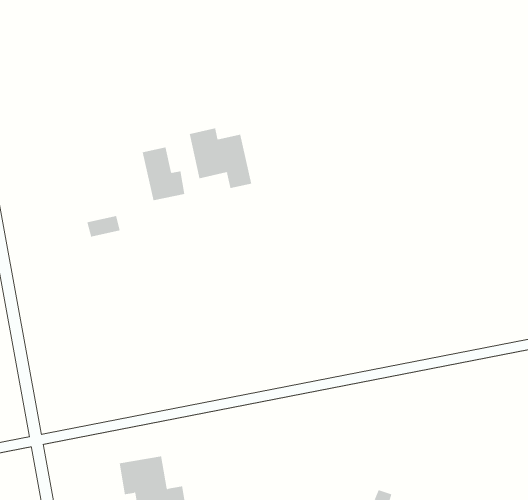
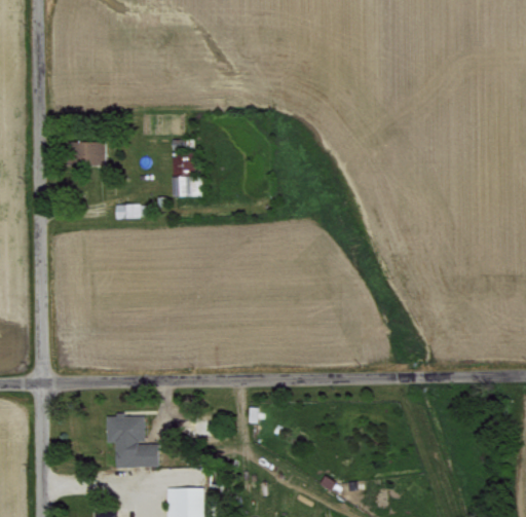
building: [189,128,252,189] -> none
building: none -> [73,143,103,167]

